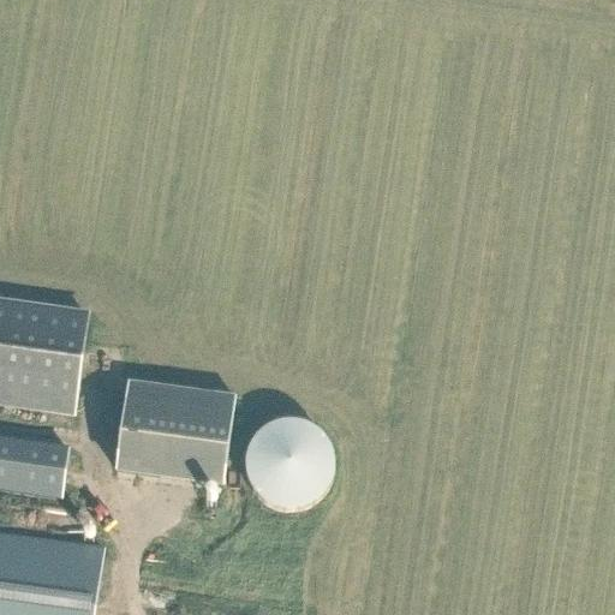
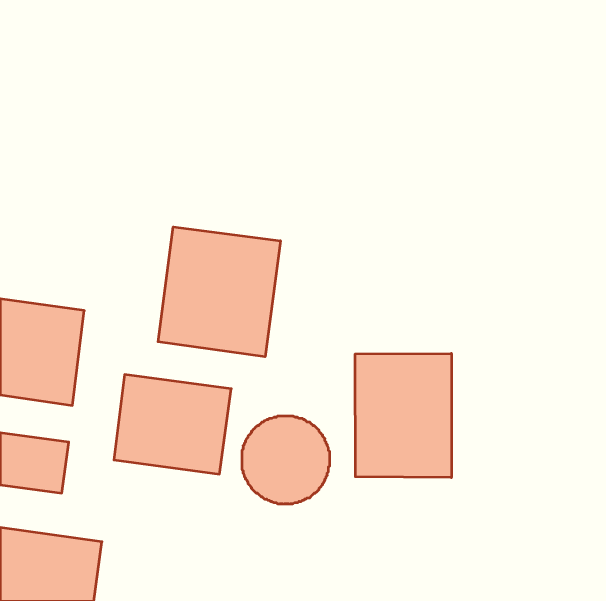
building: none -> [158,227,280,357]
building: none -> [355,353,451,478]

